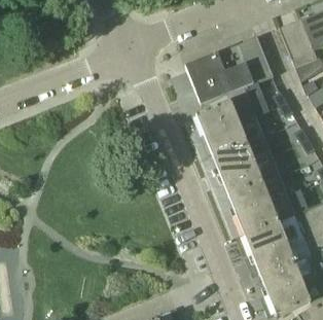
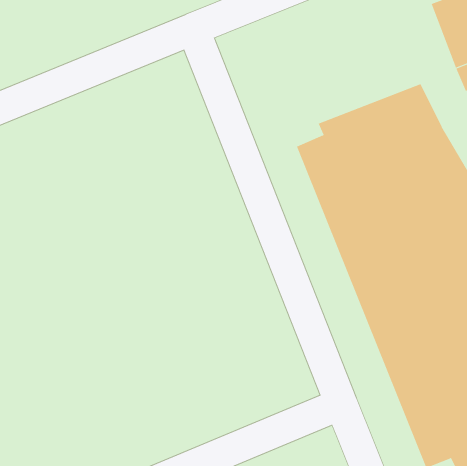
building: [184,37,273,104] -> none

